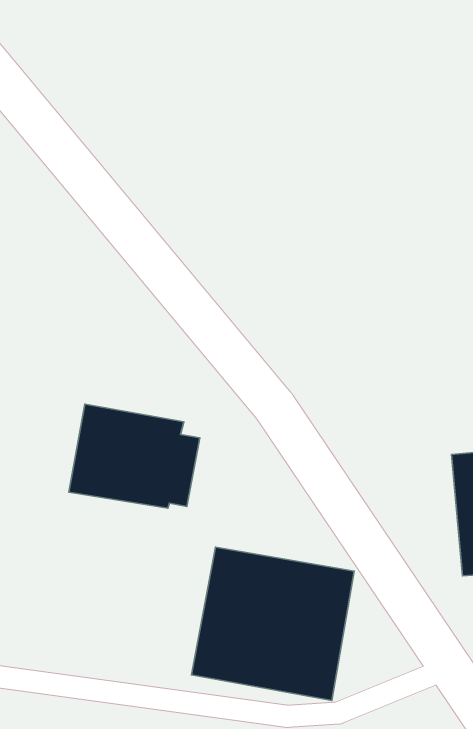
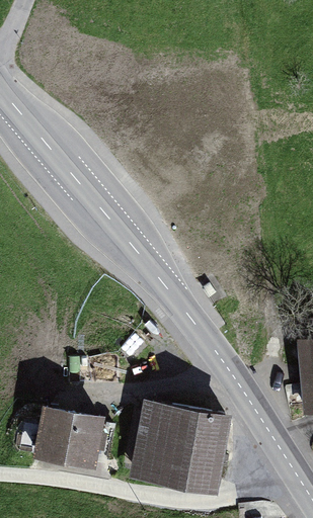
building: [69,404,200,508] -> [32,404,115,469]

